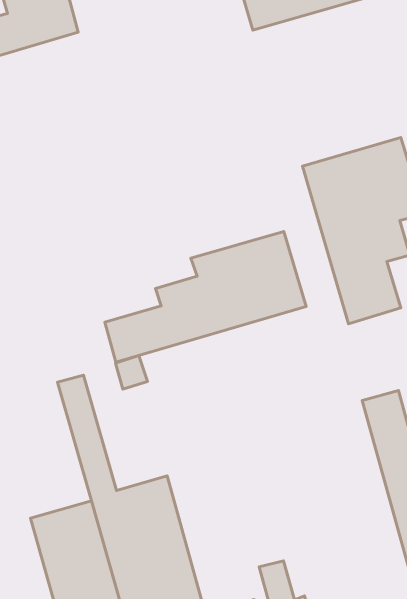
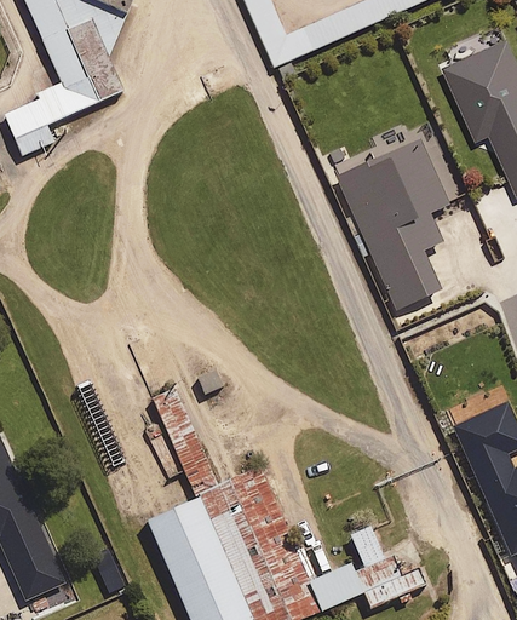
building: [105,232,306,362] -> none

